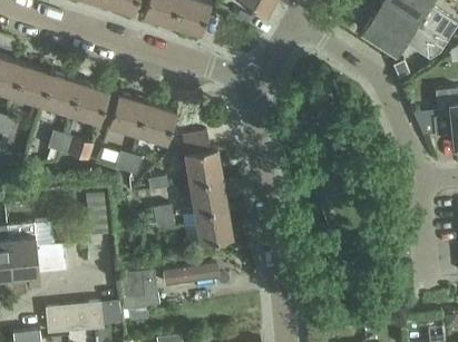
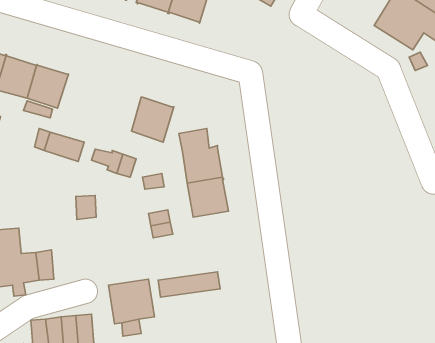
building: [70,82,109,123] -> none
building: [108,95,147,135] -> none
building: [195,208,233,244] -> none

